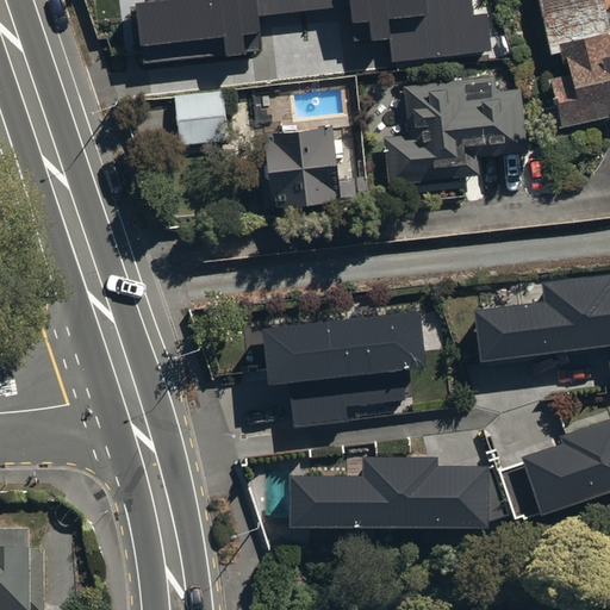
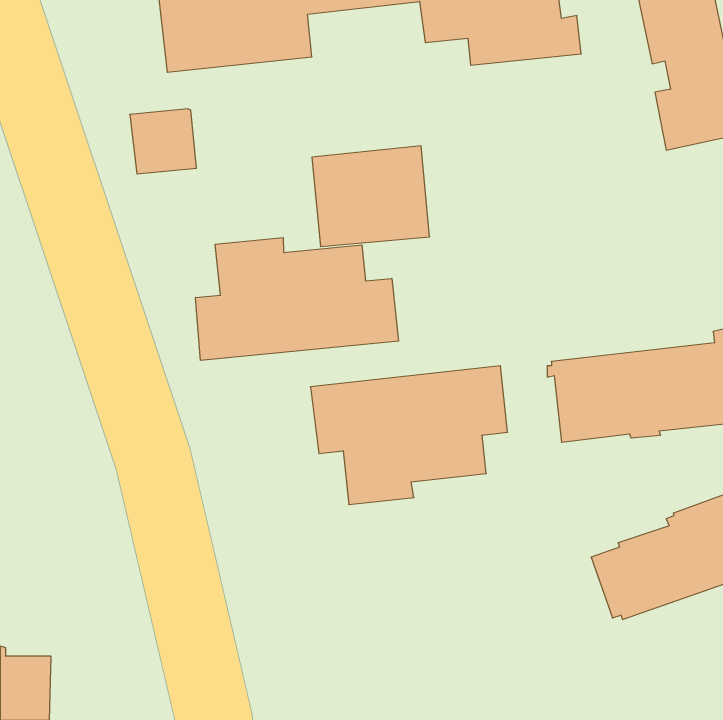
building: [384,76,527,182] -> none
building: [175,91,231,145] -> [130,109,196,174]
building: none -> [196,238,398,360]
building: [291,458,505,530] -> none

